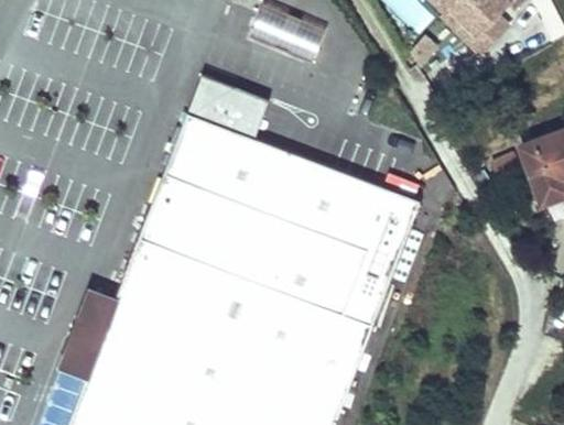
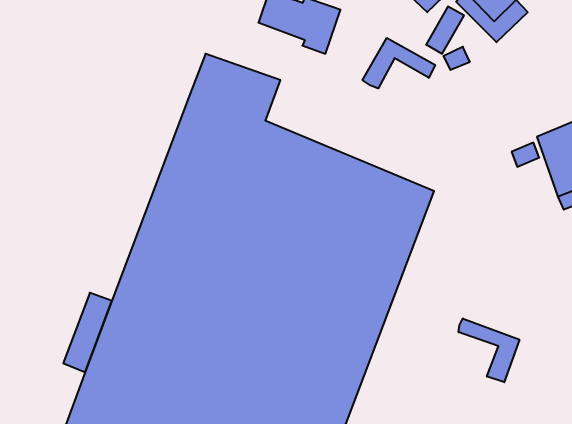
building: none -> [363,38,435,88]
building: none -> [459,318,519,382]

